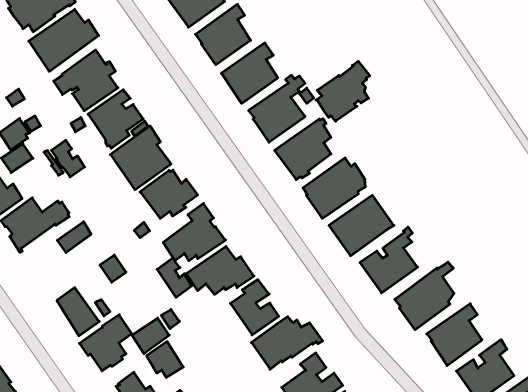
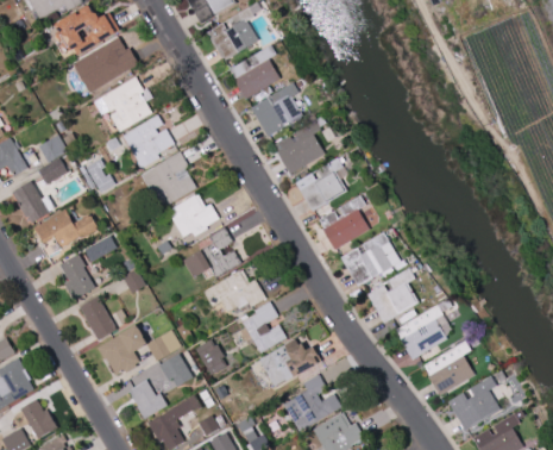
building: [316,61,370,121] -> none
building: none -> [59,254,95,300]
building: [157,258,192,297] -> [195,339,226,376]

